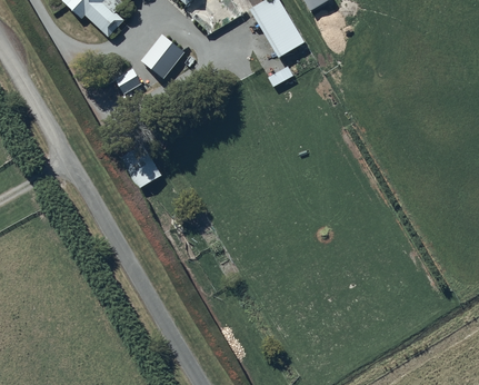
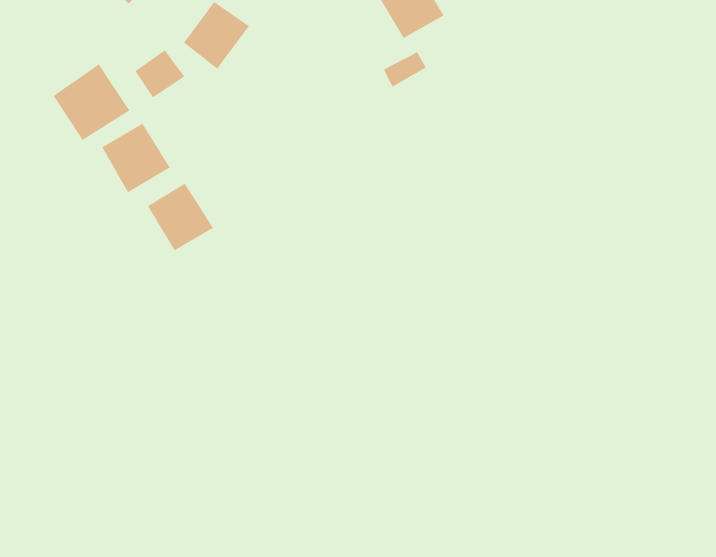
building: none -> [53,63,130,141]
building: none -> [102,123,171,193]

